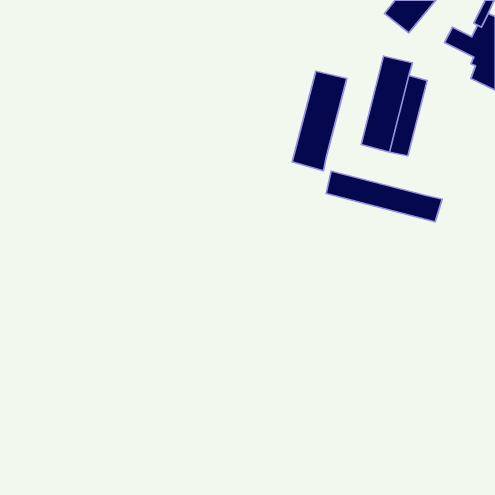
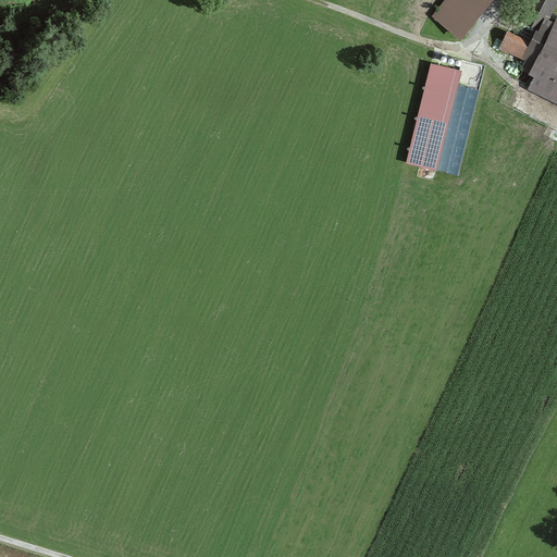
building: [292,71,347,171] -> none
building: [326,171,442,222] -> none

